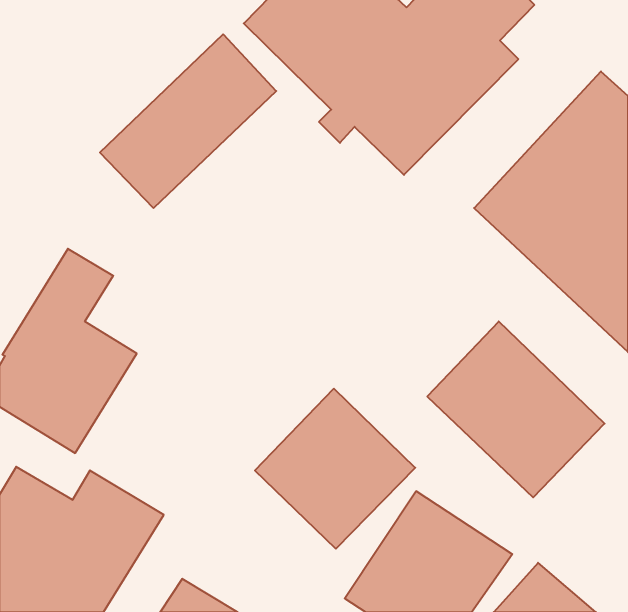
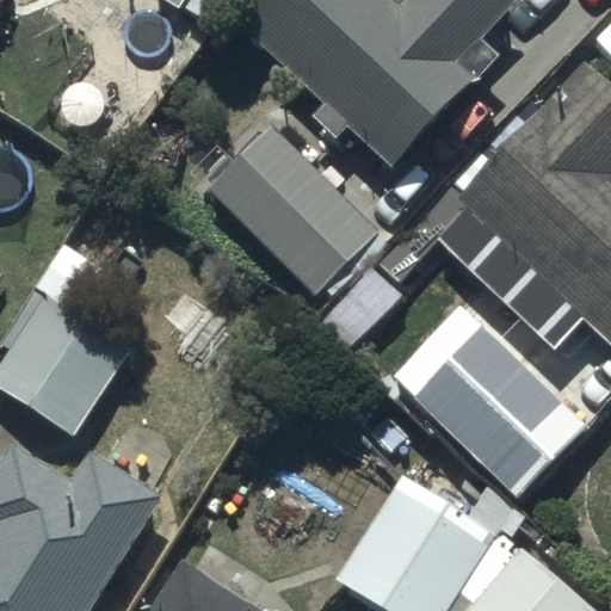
building: [100,34,276,208] -> none
building: none -> [202,125,383,309]
building: [255,389,415,549] -> none

